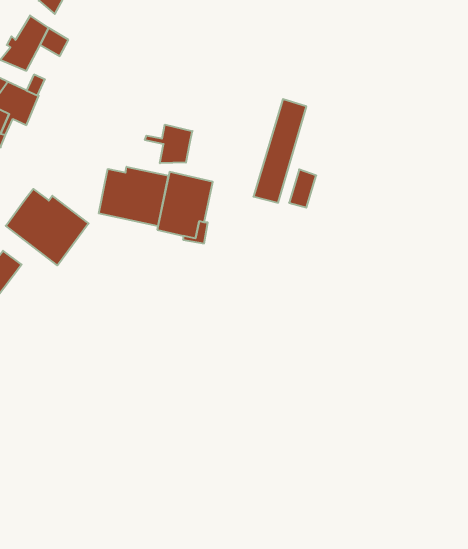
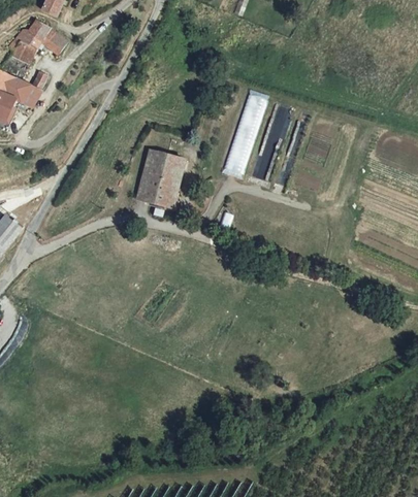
building: [145,125,193,163] -> none
building: [99,167,168,226] -> none
building: [6,189,89,265] -> none

